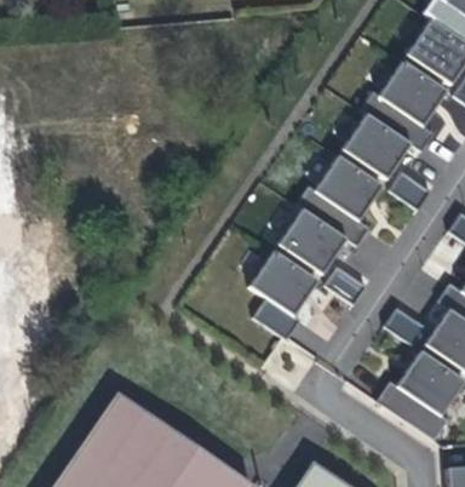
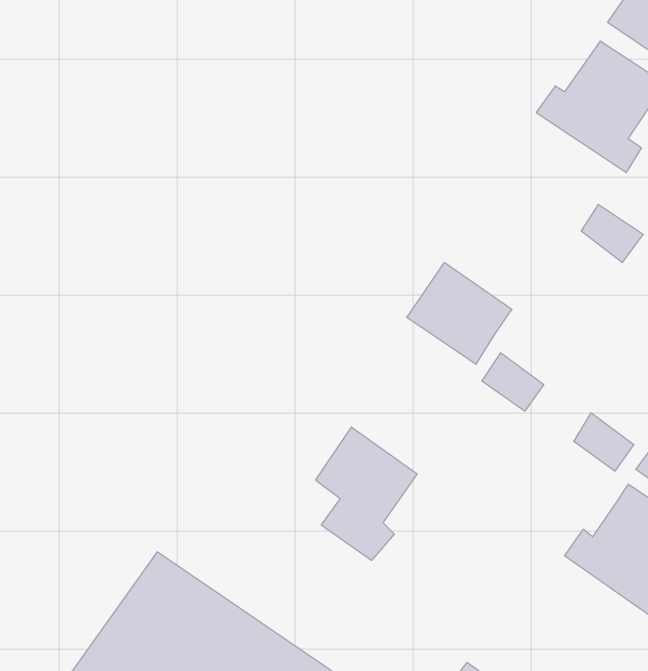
building: [341,114,409,179] -> none
building: [297,156,380,241] -> none
building: [251,251,316,337] -> [316,427,417,560]

